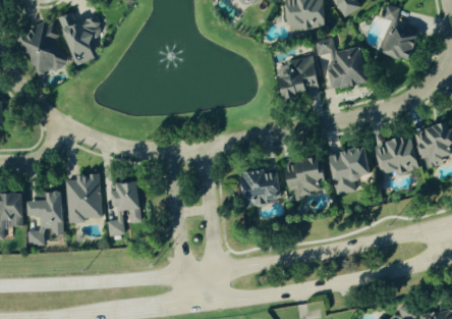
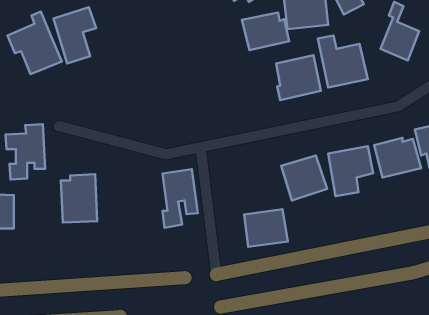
building: none -> [242,12,289,50]
building: [239,167,282,204] -> [244,209,288,247]
building: [108,179,143,236] -> [162,169,198,228]
building: [24,191,63,245] -> [5,124,45,179]

